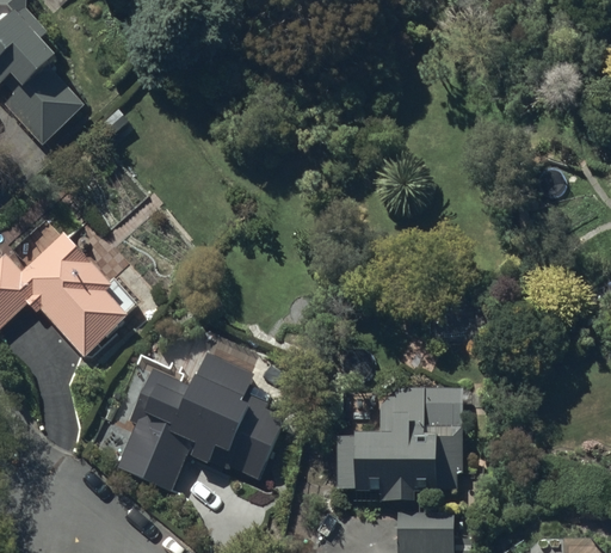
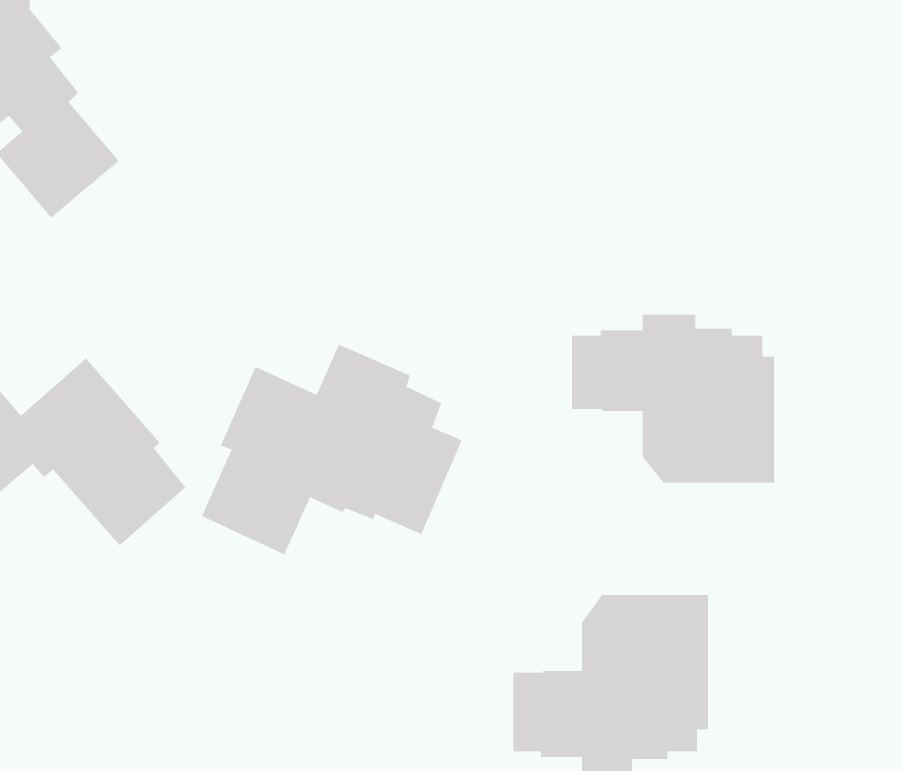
building: none -> [571,314,774,483]
building: [117,354,285,490] -> [201,344,463,555]

